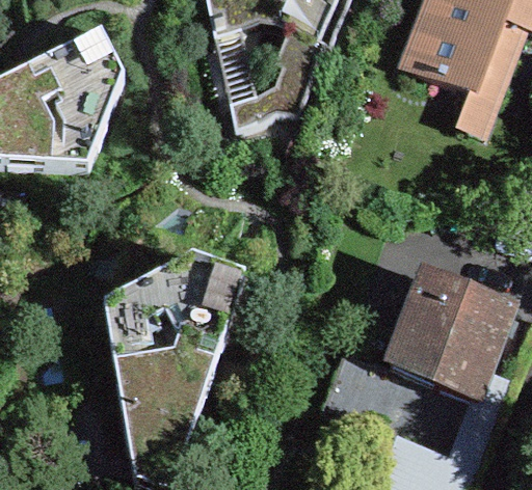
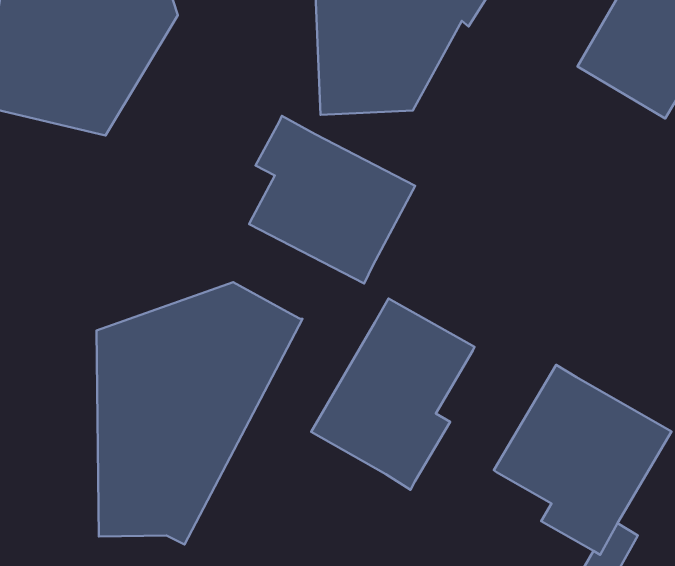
building: none -> [249,116,415,283]
building: none -> [311,298,474,490]

